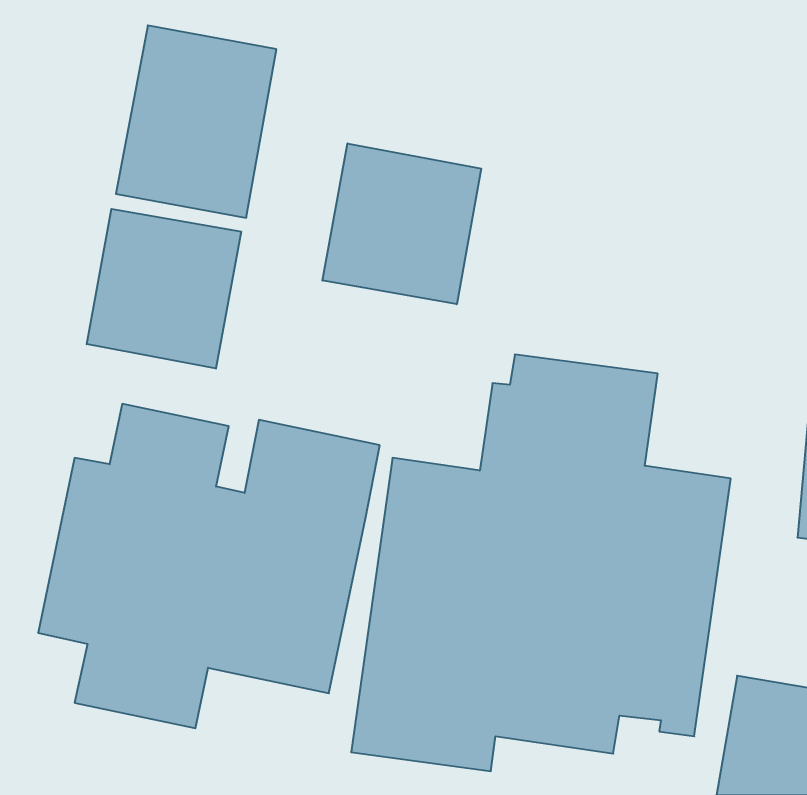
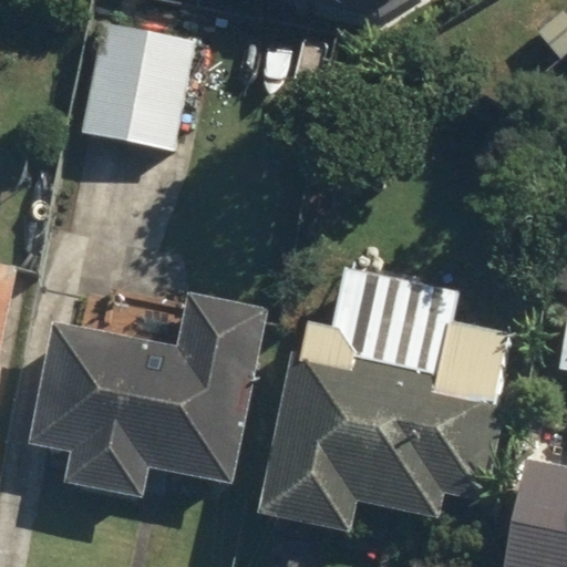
building: [322,143,481,304] -> none
building: [87,209,241,369] -> none

